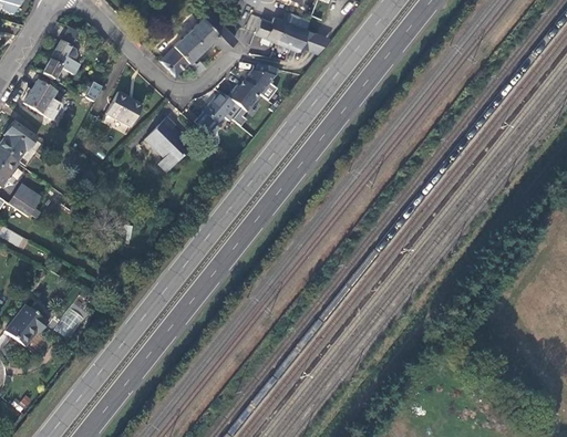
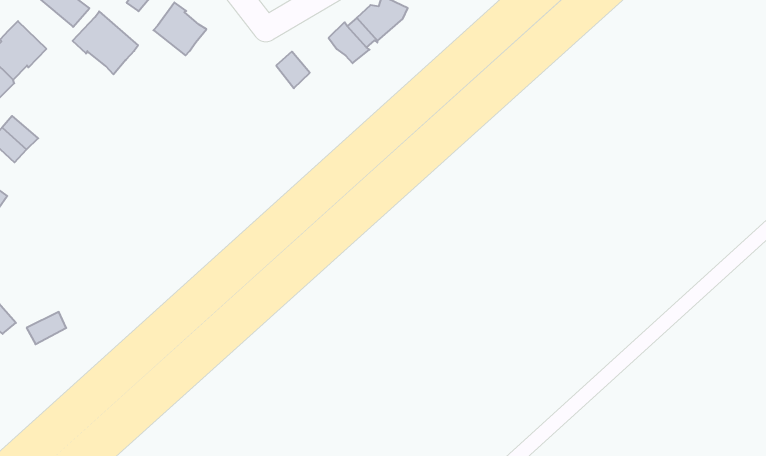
building: [203,92,233,123] -> none
building: none -> [73,11,138,74]
building: [146,117,192,173] -> none

